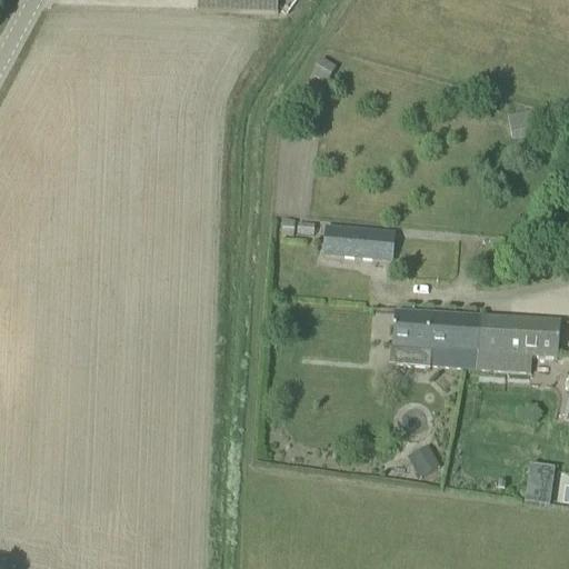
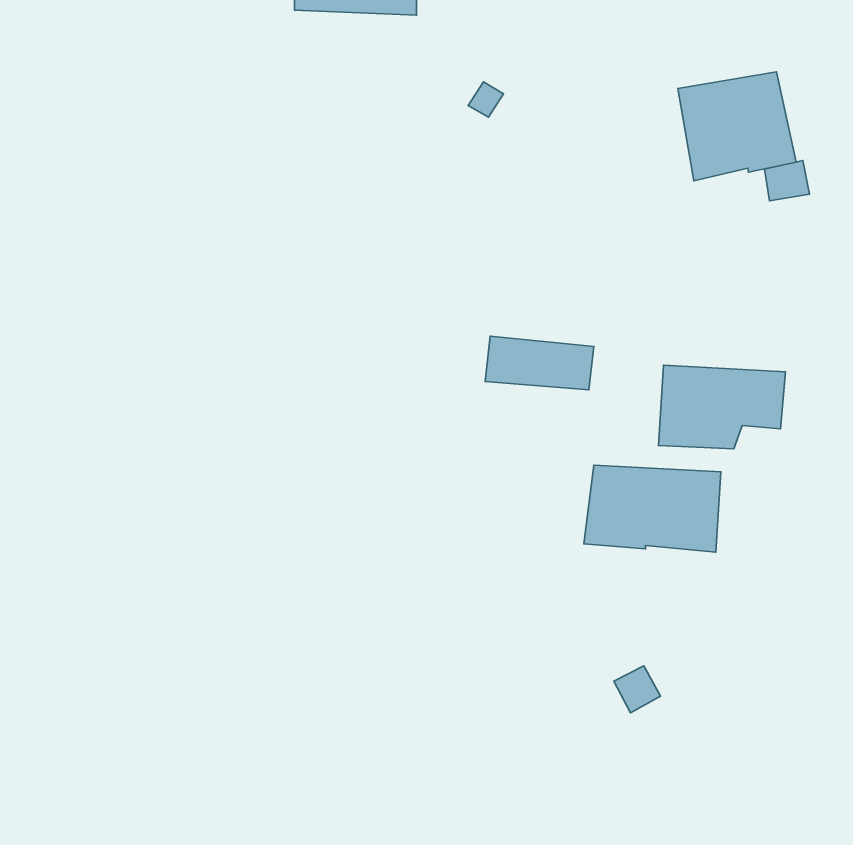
building: none -> [678,72,796,181]
building: [477,313,561,369] -> [658,365,786,449]
building: [523,460,556,501] -> none

